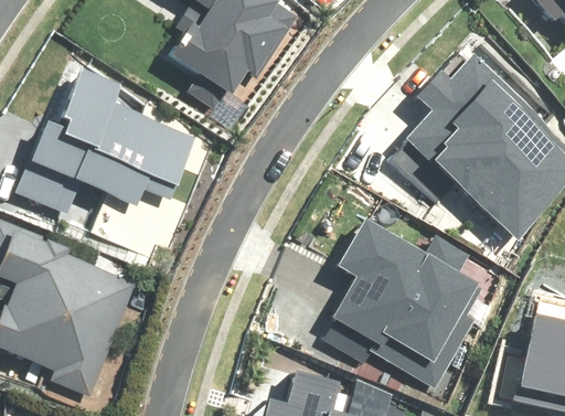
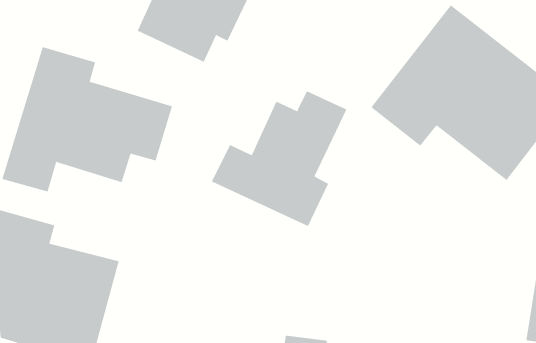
building: none -> [211,90,347,227]
building: [332,215,481,380] -> none

